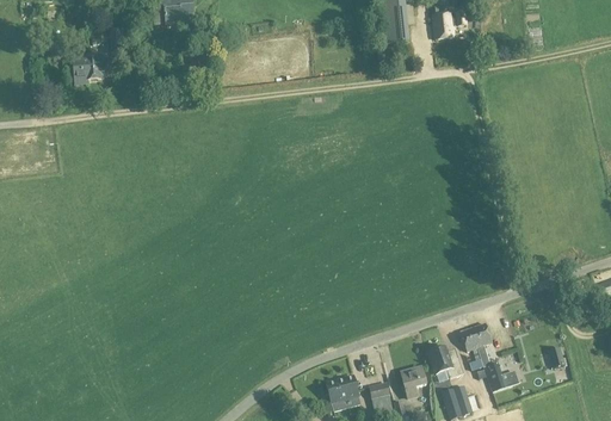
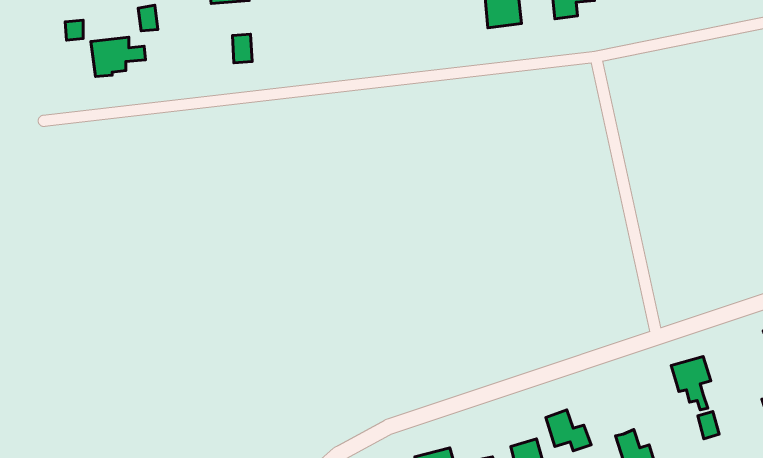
building: [461,323,492,365] -> [671,357,711,410]

